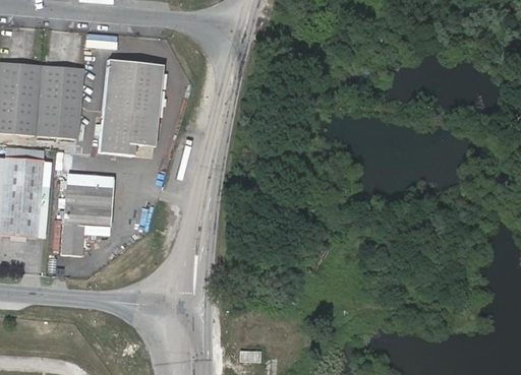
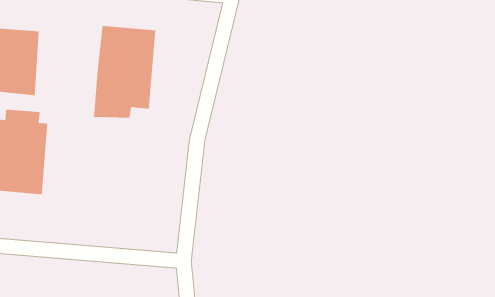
building: [38,66,85,137] -> none
building: [60,173,114,255] -> none

